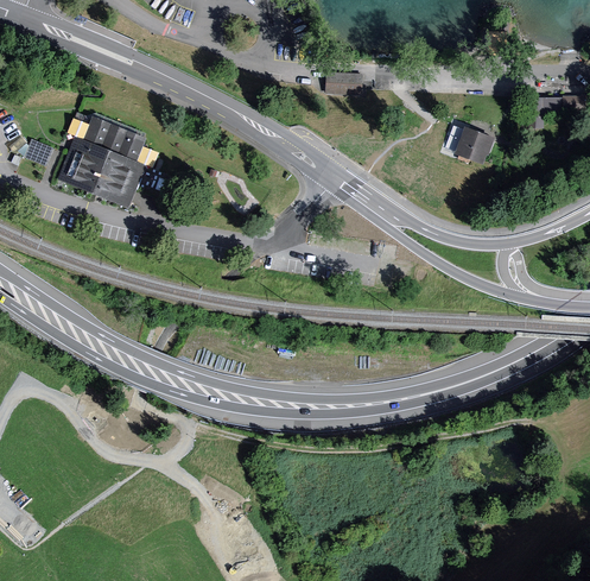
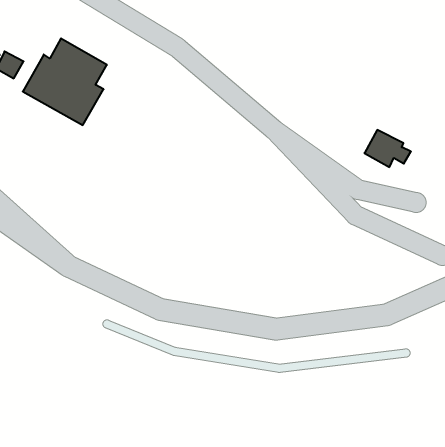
building: [324,70,362,94] -> none
building: [452,124,503,163] -> [364,130,411,167]

